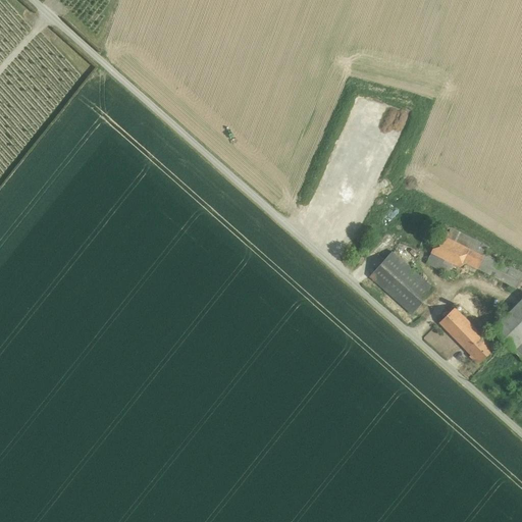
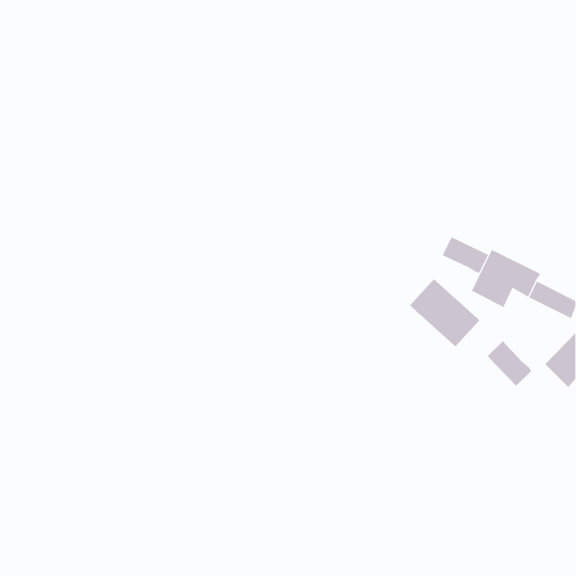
building: none -> [442,237,489,274]
building: [467,335,494,365] -> none

